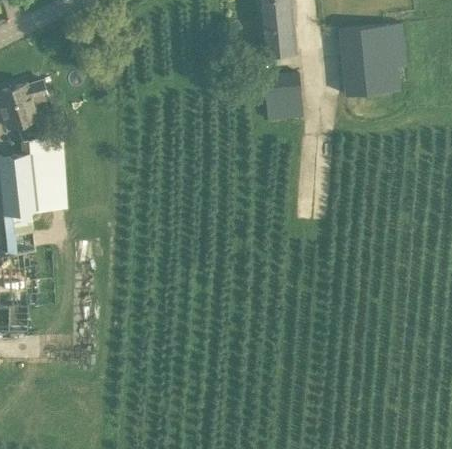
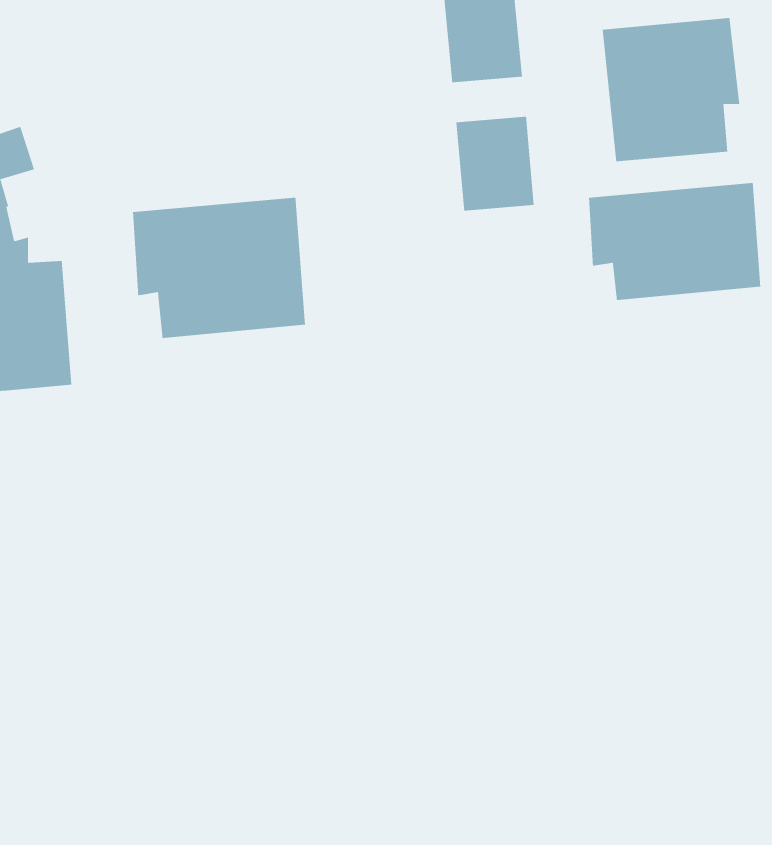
building: none -> [588,182,761,301]
building: none -> [132,197,305,339]

